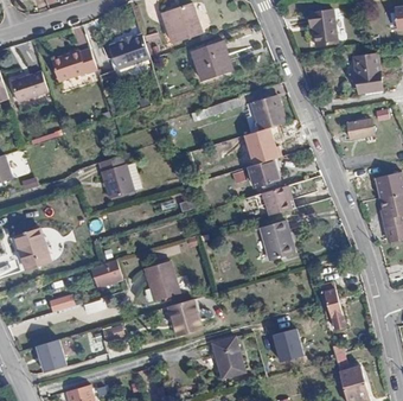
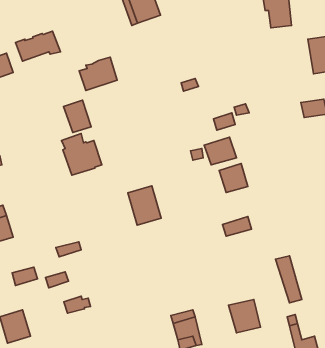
building: [111,34,151,69] -> [79,57,117,91]
building: [192,43,228,79] -> none
building: [251,96,284,131] -> none
building: none -> [64,100,91,133]
building: [260,221,292,249] -> none
building: [145,261,179,301] -> [128,186,161,225]
building: [167,299,201,336] -> none

